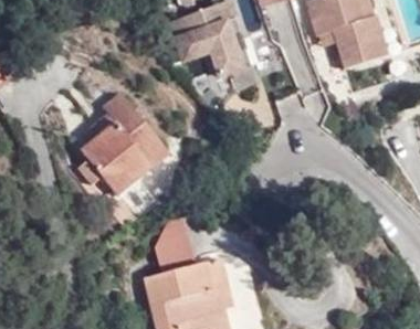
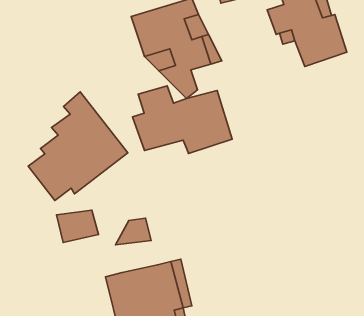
building: none -> [133,86,232,154]
building: [157,241,199,273] -> [56,210,98,242]

